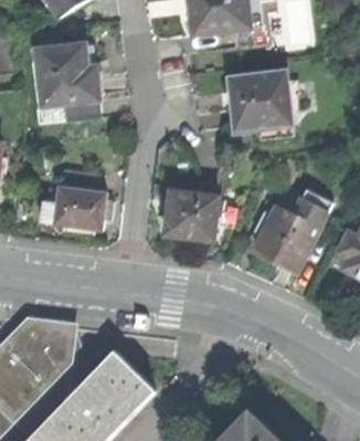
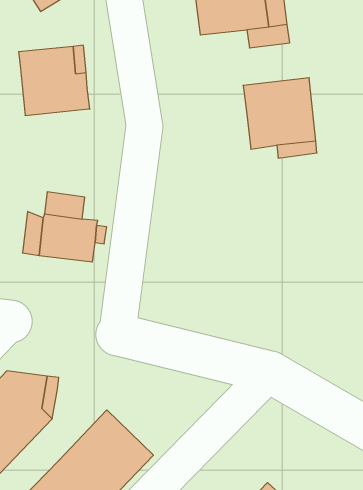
building: [31,56,98,117] -> none
building: [165,189,216,237] -> none
building: [253,203,324,267] -> none

